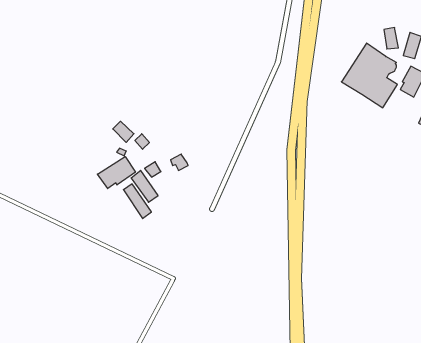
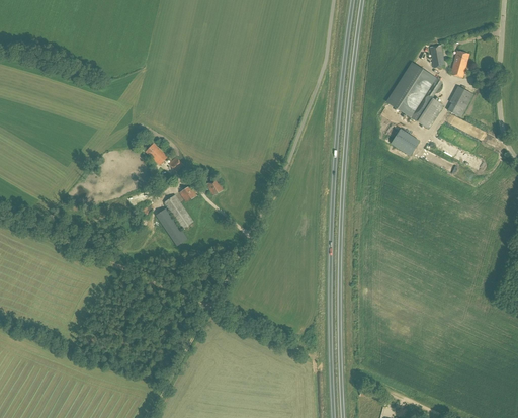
building: none -> [390,128,418,154]
building: [97,157,135,189] -> none

